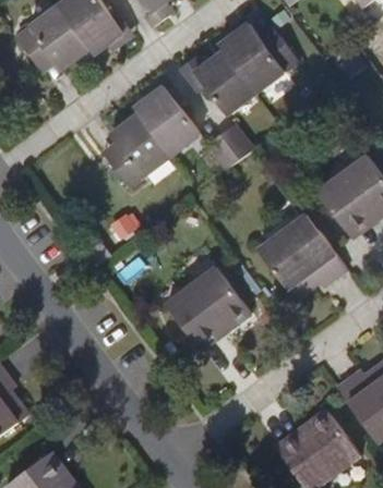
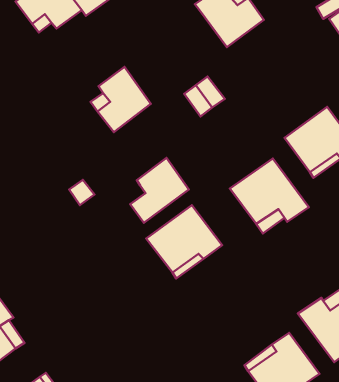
building: [180,48,255,111] -> none
building: [135,84,200,152] -> none
building: none -> [130,158,189,223]

